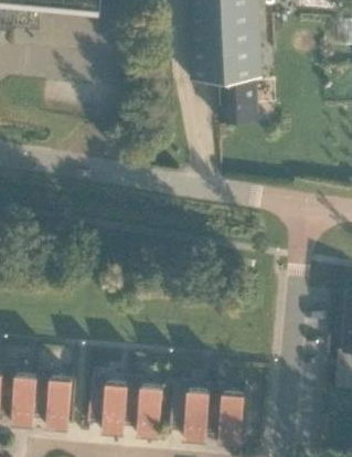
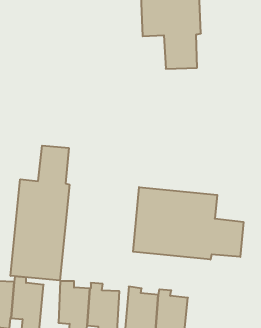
building: none -> [11,146,69,280]
building: none -> [133,187,243,260]

